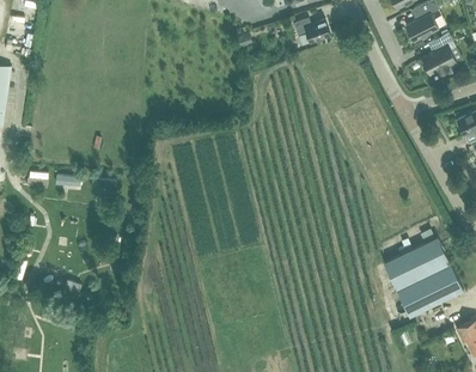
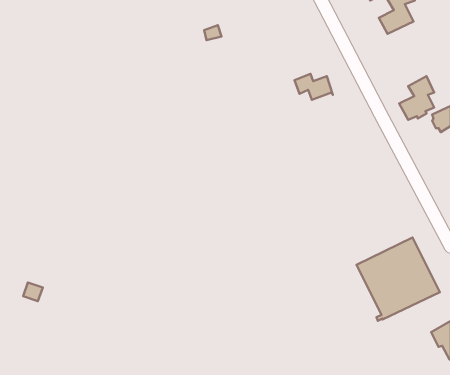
building: [293,17,330,42] -> [294,74,333,100]
building: [421,31,454,73] -> [399,76,434,120]

